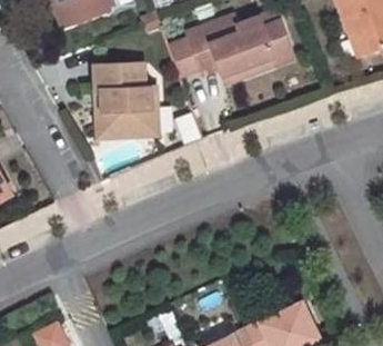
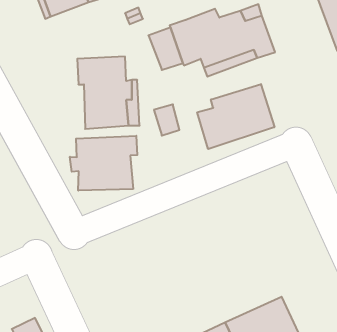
building: none -> [197,84,274,149]
building: none -> [70,136,137,191]

